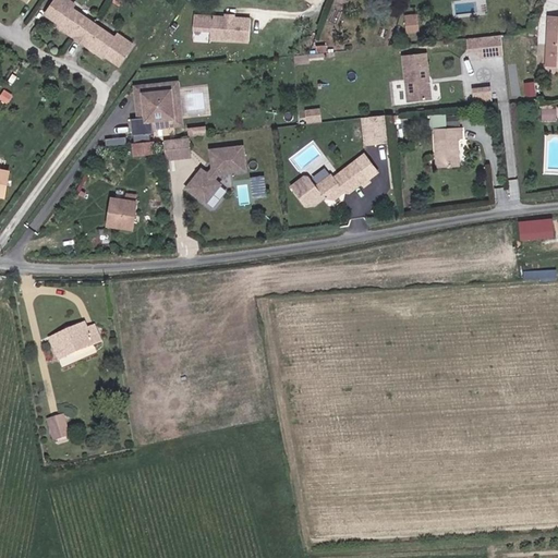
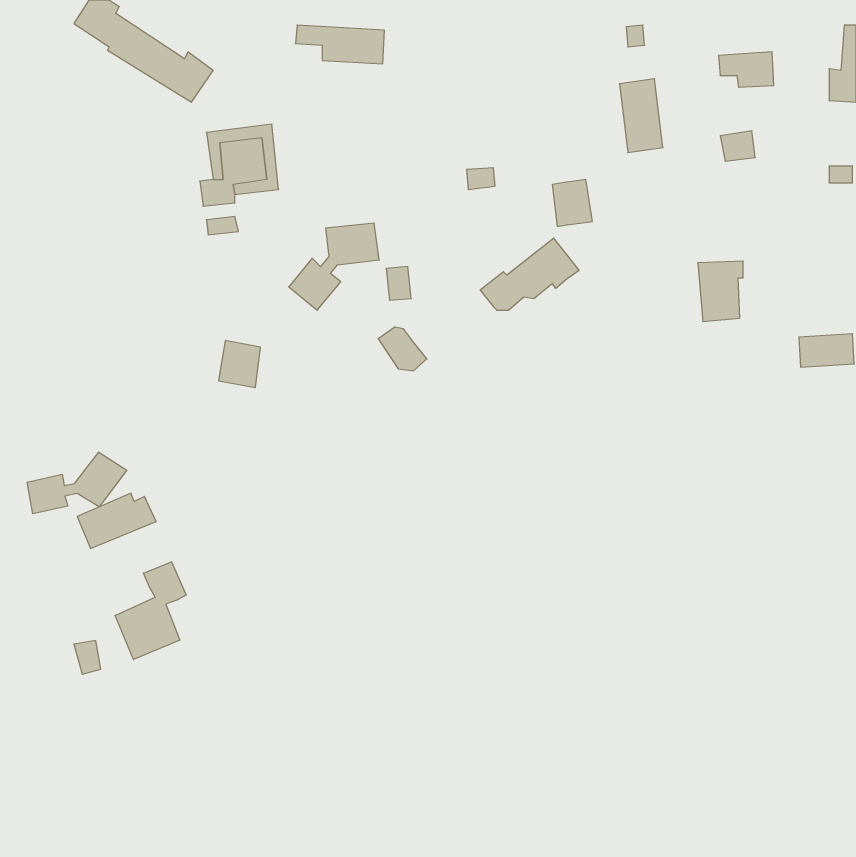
building: [429,126,459,166] -> [698,261,743,321]
building: [165,136,191,158] -> none
building: [289,179,320,207] -> [378,327,427,371]
building: [108,197,135,228] -> [219,341,260,388]
building: none -> [27,452,127,514]
building: none -> [115,562,186,660]

